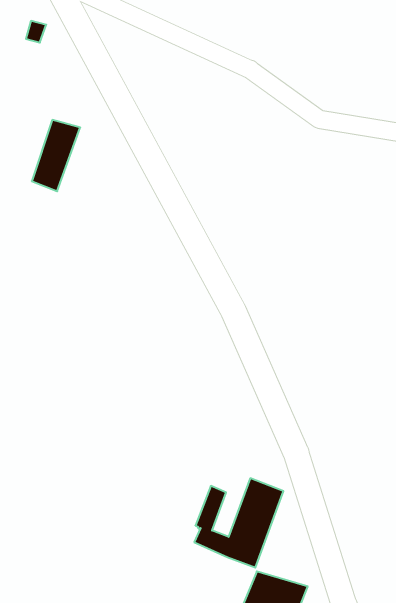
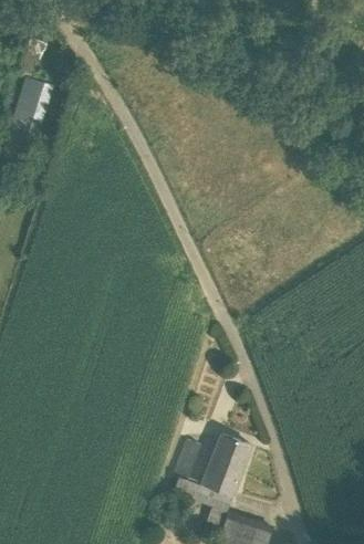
building: [32,120,80,191] -> [10,77,52,139]

